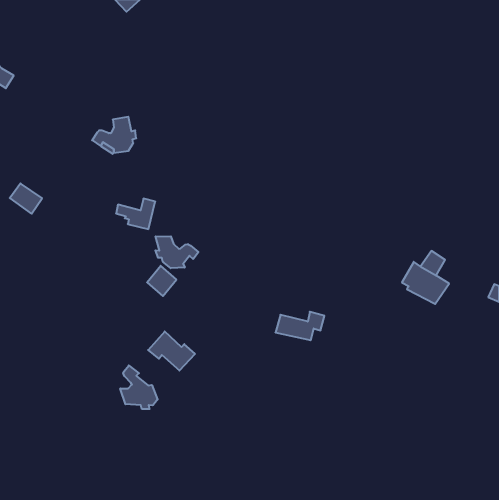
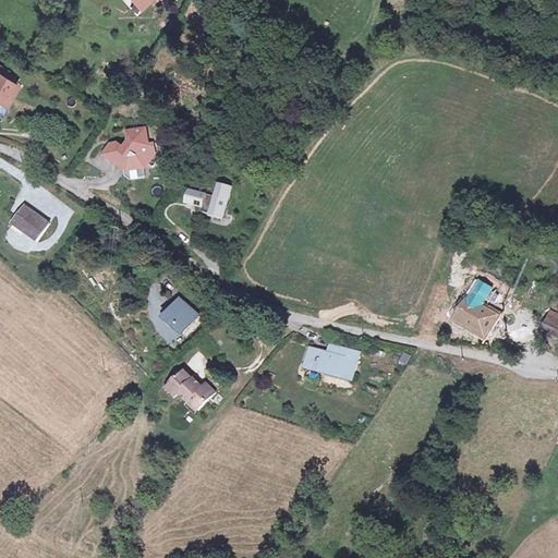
building: [116,199,155,229] -> [185,184,229,218]
building: [155,236,198,268] -> none
building: [120,365,158,409] -> none

